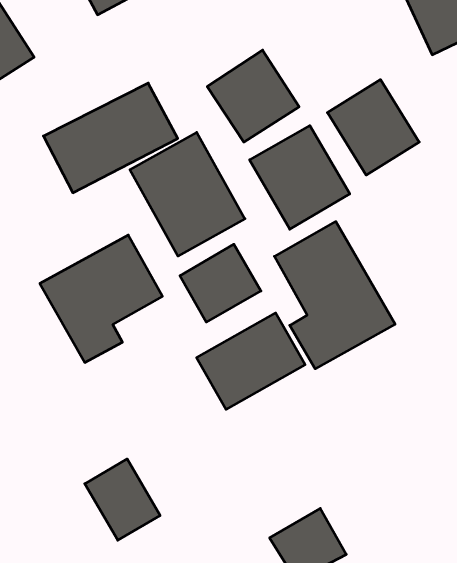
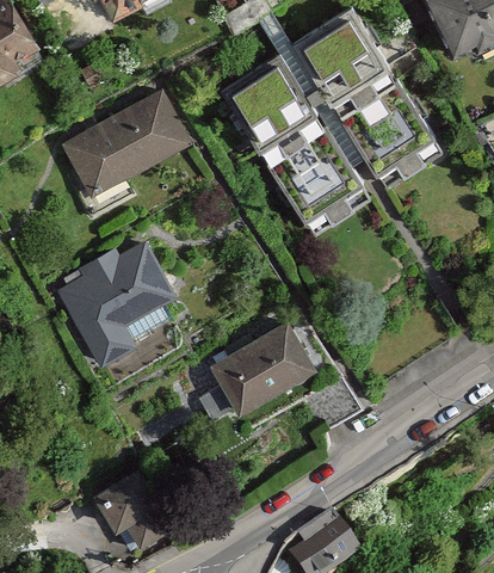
building: none -> [300,11,391,104]
building: [130,132,245,256] -> none
building: [274,222,395,369] -> none
building: [180,244,261,322] -> none

